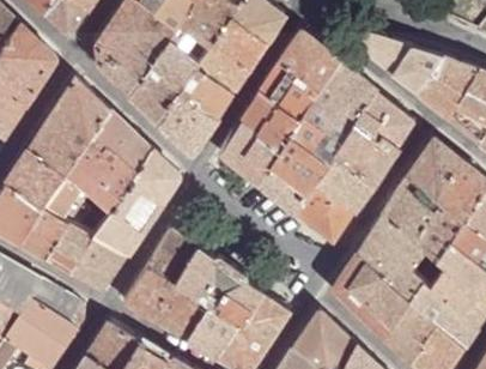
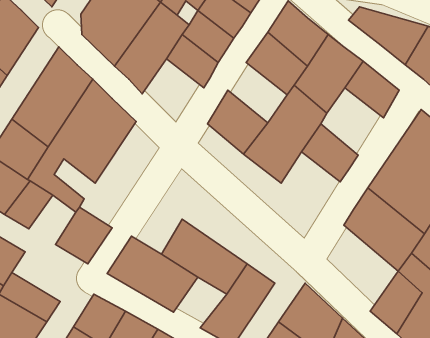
building: [159,90,220,156] -> none
building: [244,93,303,153] -> none
building: [336,119,399,186] -> none
building: [97,152,181,258] -> none
building: [297,182,356,243] -> none
building: [47,225,93,274] -> none
building: [148,231,199,284] -> none
building: [336,255,413,340] -> none
building: [30,282,92,331] -> none
building: [190,307,243,357] -> none

